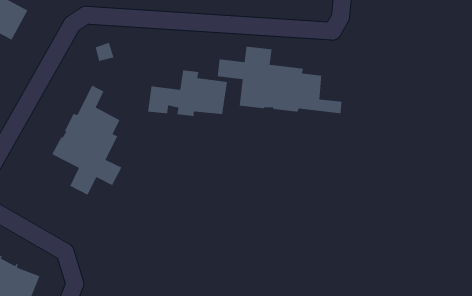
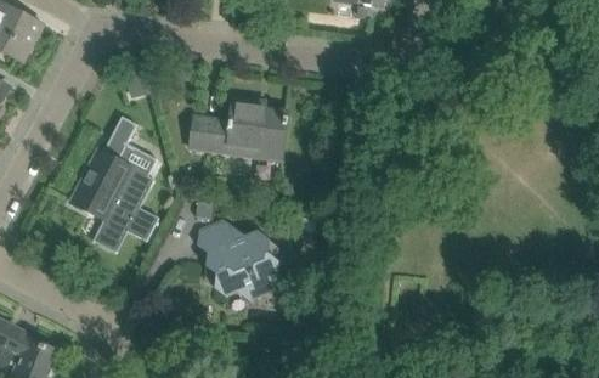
building: [217,46,342,114] -> none
building: none -> [197,220,277,299]

